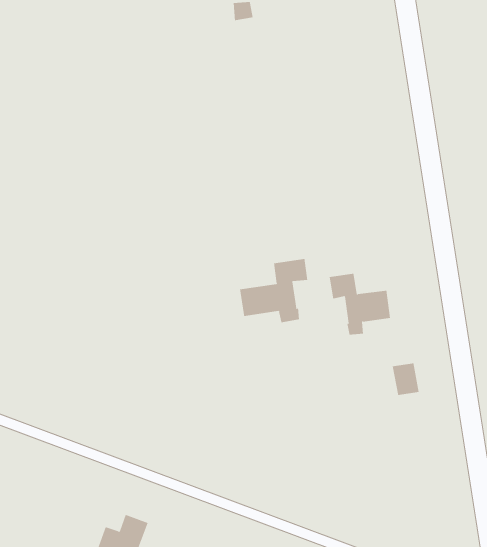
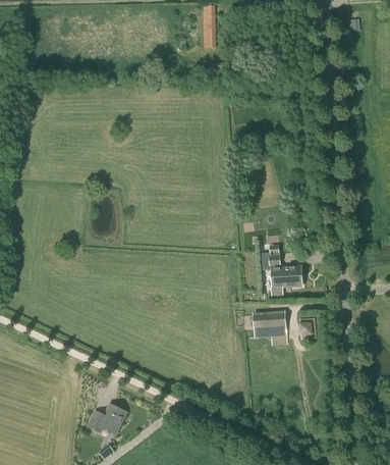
building: [240,258,308,323] -> none
building: none -> [261,310,286,337]

